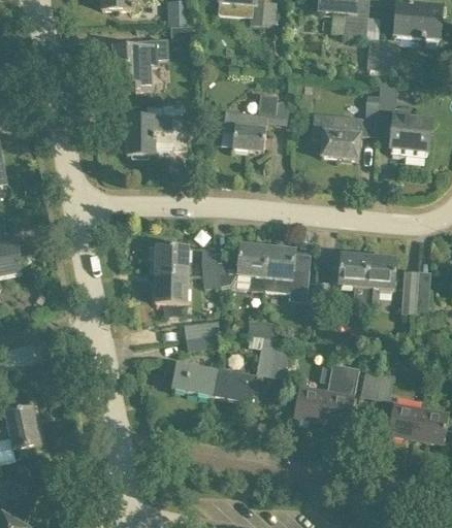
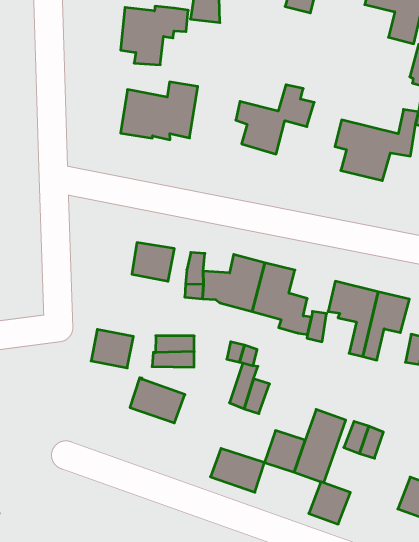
building: [154,274,187,303] -> [91,329,133,368]
building: [212,370,256,403] -> [210,448,264,492]
building: [388,405,421,439] -> [309,482,350,524]

